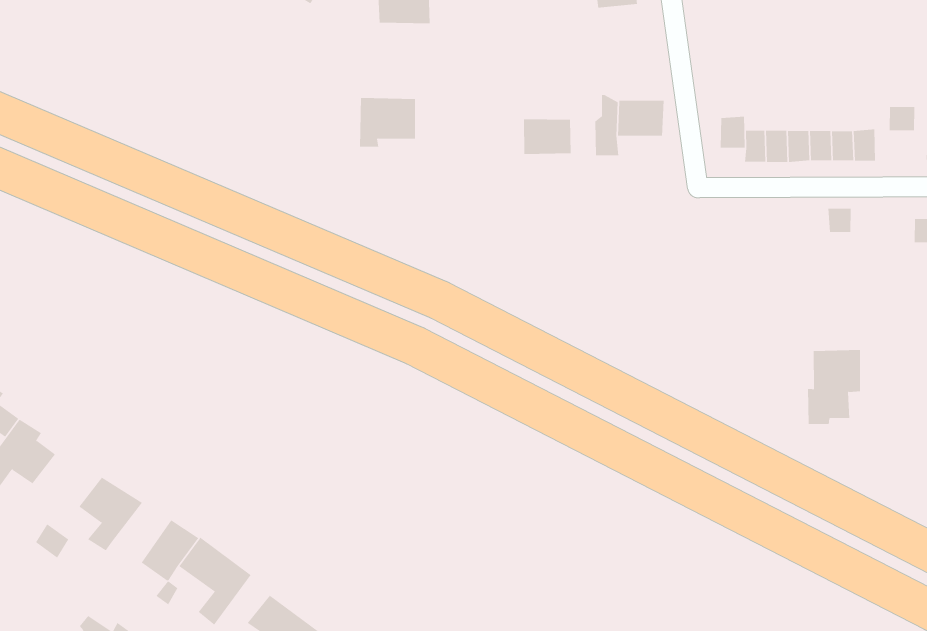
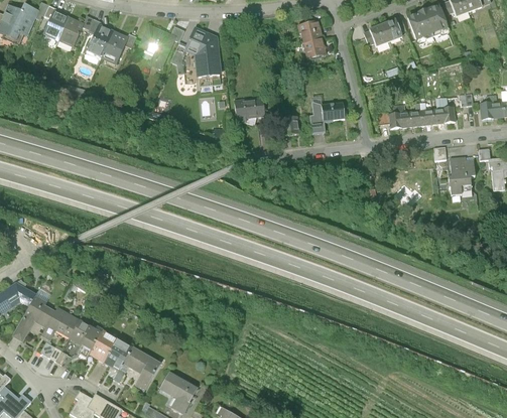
building: [359,97,416,147] -> [235,97,265,124]
building: [807,350,861,424] -> [447,156,474,196]
building: none -> [40,307,79,339]
building: none -> [88,329,116,362]

